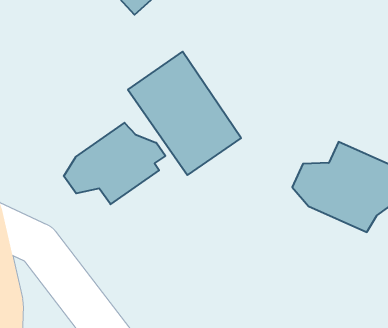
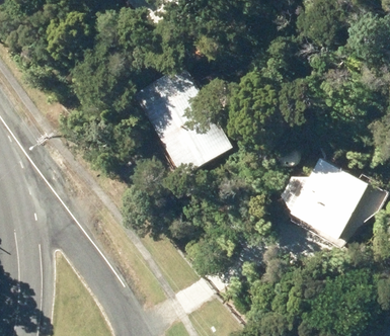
building: [64,123,165,204] -> none

